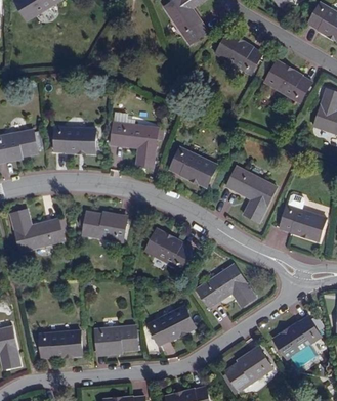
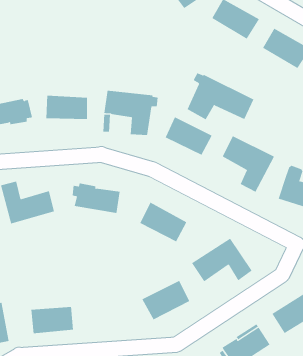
building: none -> [187,72,254,120]
building: [94,326,138,351] -> none

